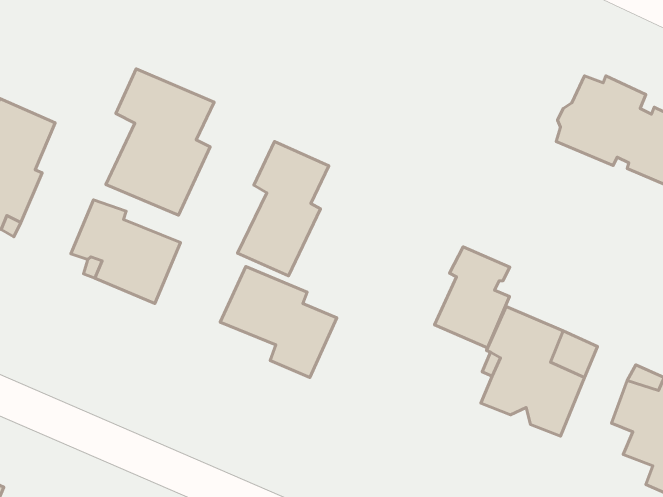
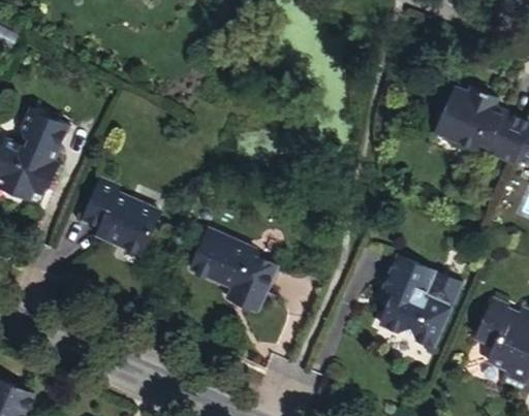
building: [106,69,214,215] -> none
building: [237,141,329,276] -> none
building: [435,247,510,348] -> none

